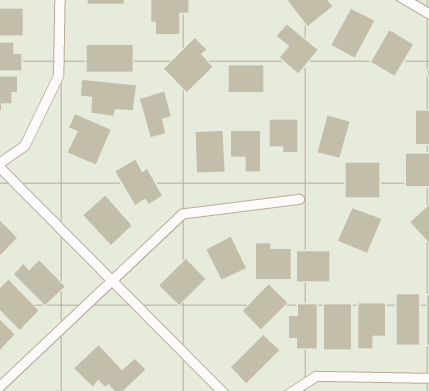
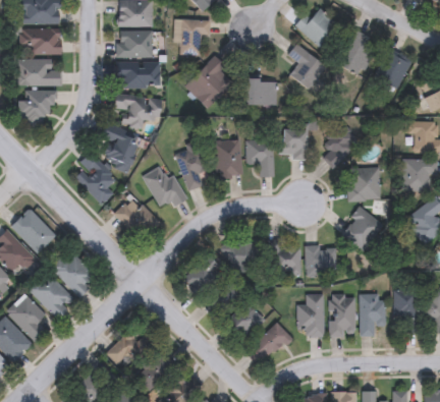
building: none -> [117,31,153,56]
building: [139,91,172,138] -> [177,147,207,189]
building: none -> [74,152,120,203]
building: [242,284,288,330] -> [222,301,264,343]

